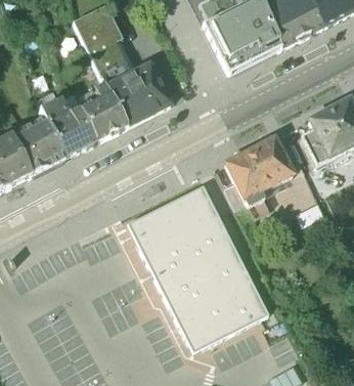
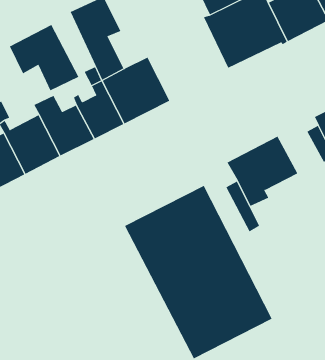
building: none -> [9,24,79,91]

